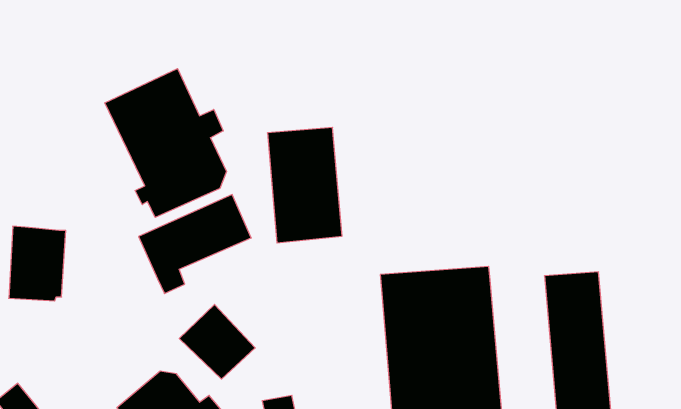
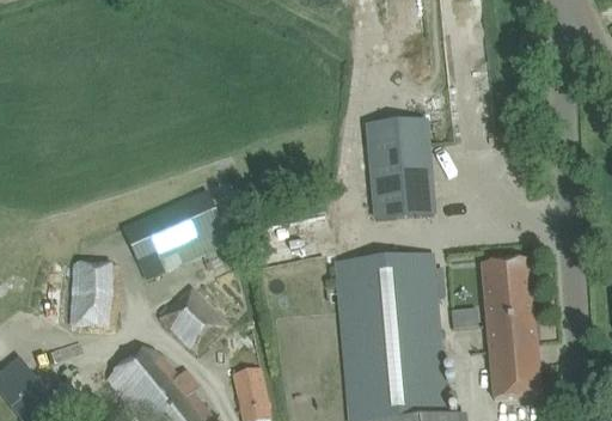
building: [105,69,227,217] -> none
building: [267,127,342,243] -> [367,117,433,219]
building: [9,226,66,301] -> [67,261,117,327]

